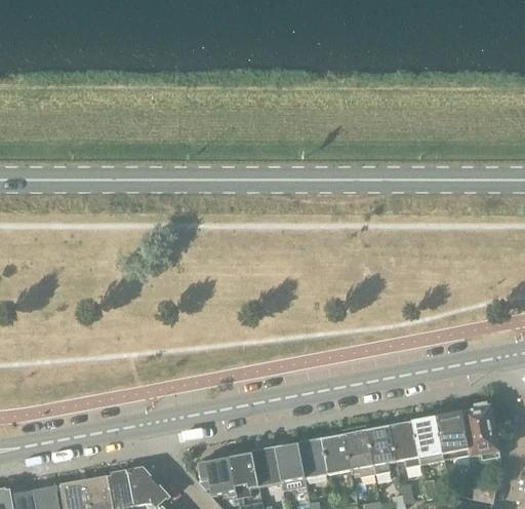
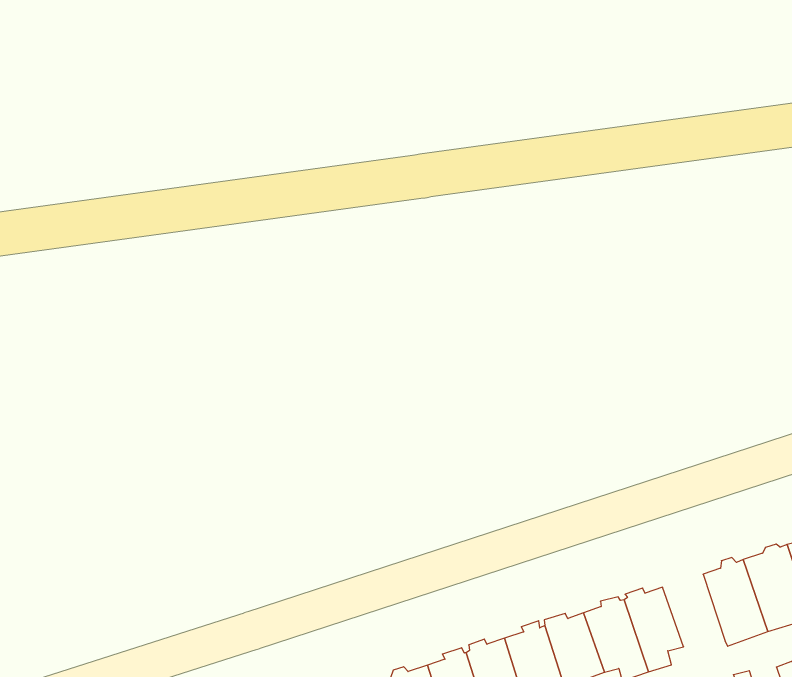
building: [390,421,420,466] -> none

